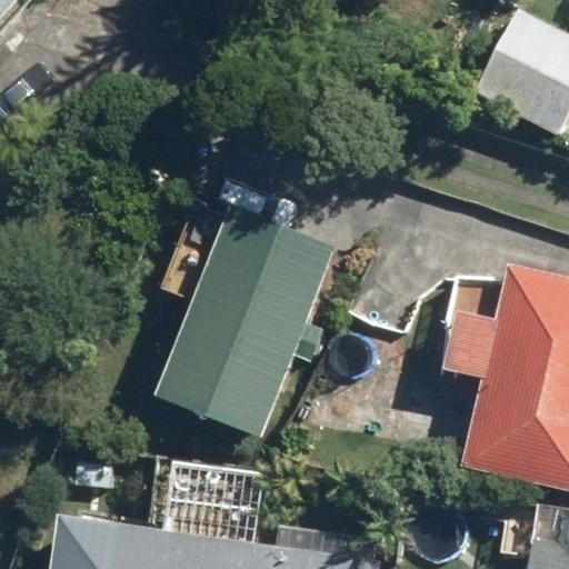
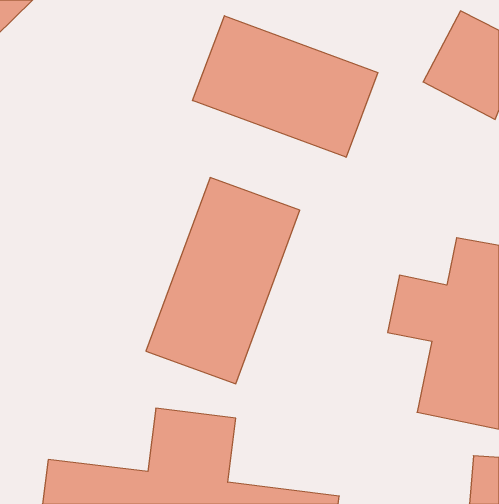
building: none -> [193,16,378,157]

